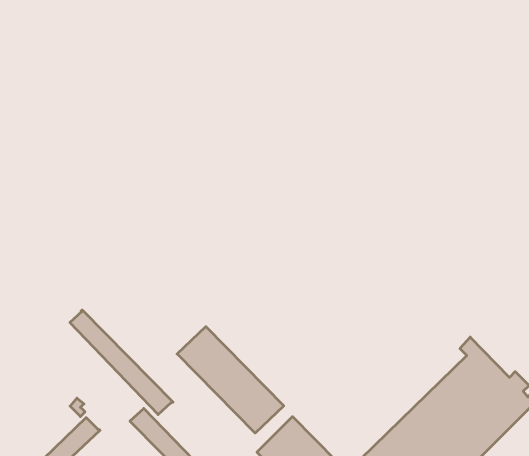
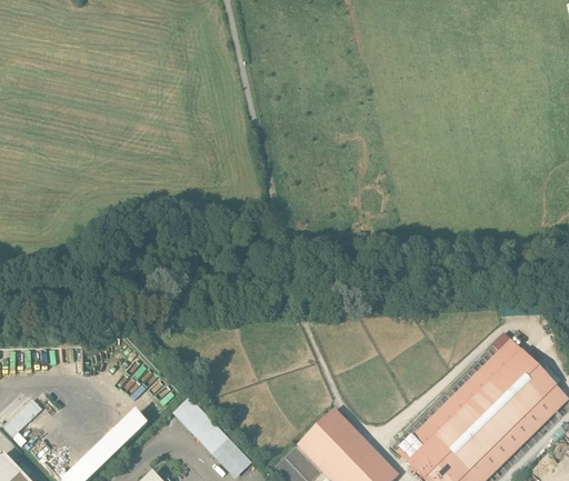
building: [70,310,173,415] -> none
building: [177,327,284,433] -> none

